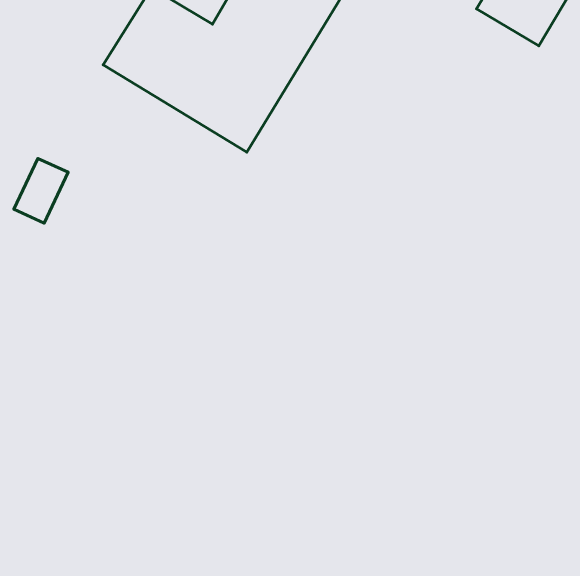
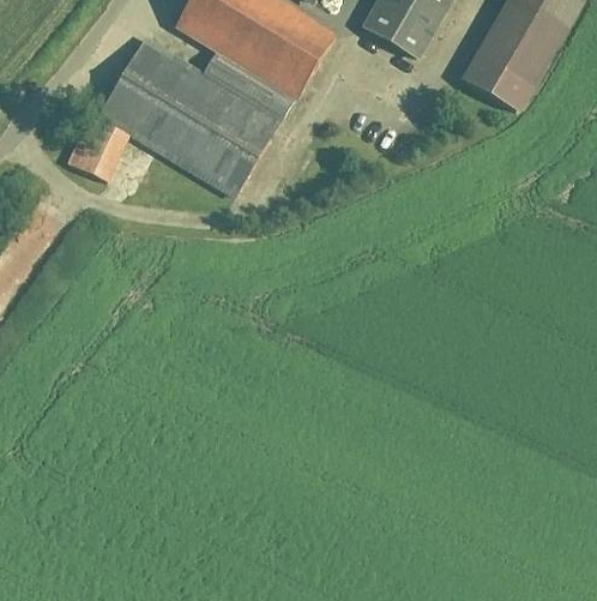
building: [14,158,68,223] -> [70,119,121,180]

